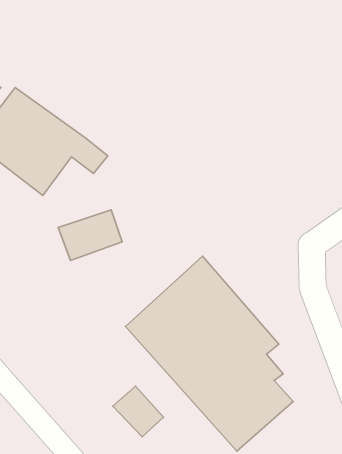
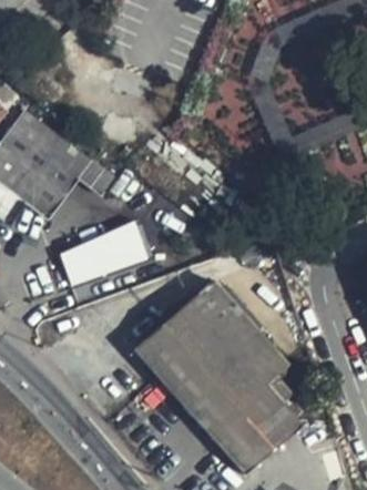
building: none -> [119,220,155,263]
building: [113,386,163,437] -> none

